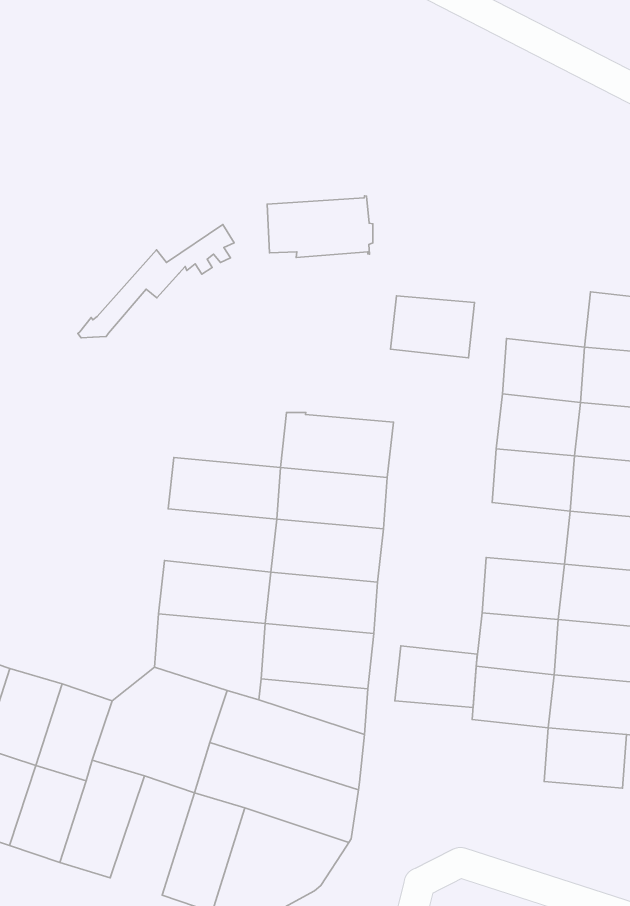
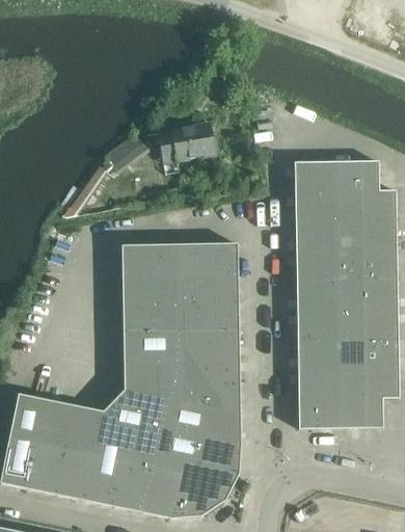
building: [391,296,475,358] -> [294,160,336,190]
building: none -> [120,243,180,274]
building: none -> [296,280,339,310]
building: none -> [122,301,181,330]
building: [395,646,477,708] -> [298,398,341,428]
building: none -> [112,448,153,511]

